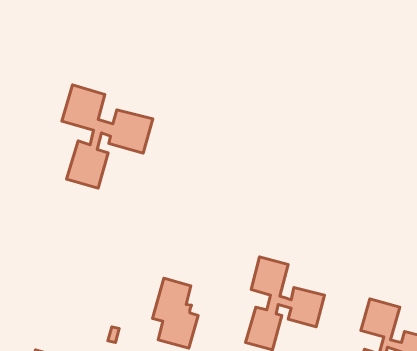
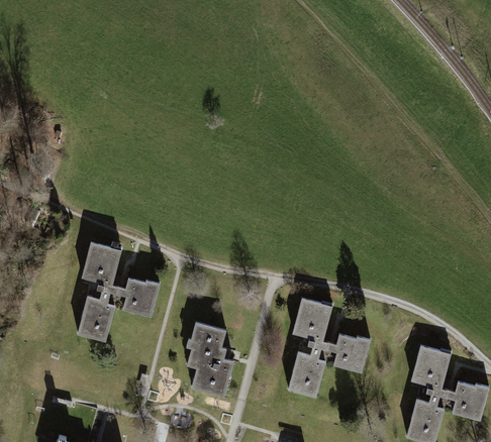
building: [62,85,153,188] -> none
building: none -> [74,241,159,341]

